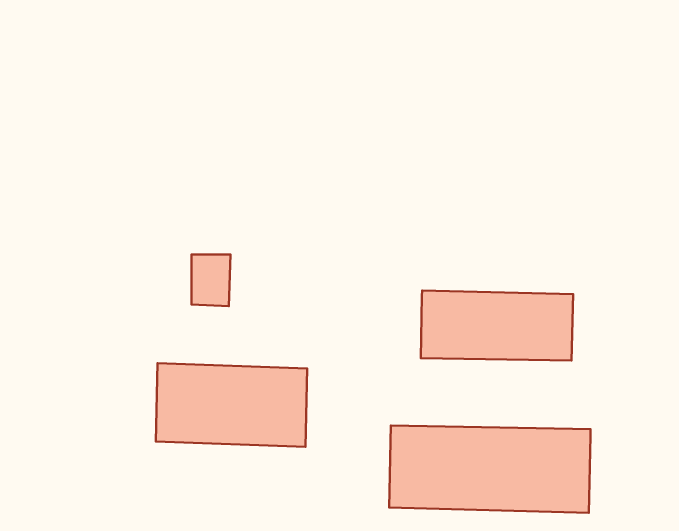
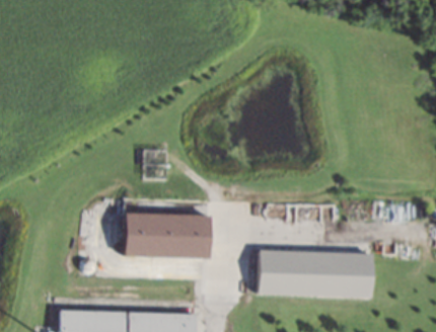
building: [421,290,573,360] -> none

